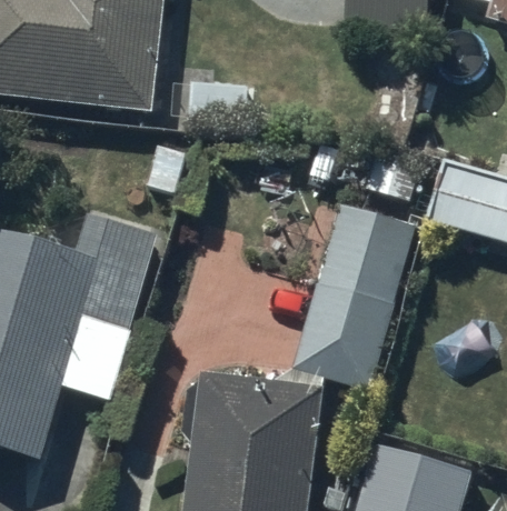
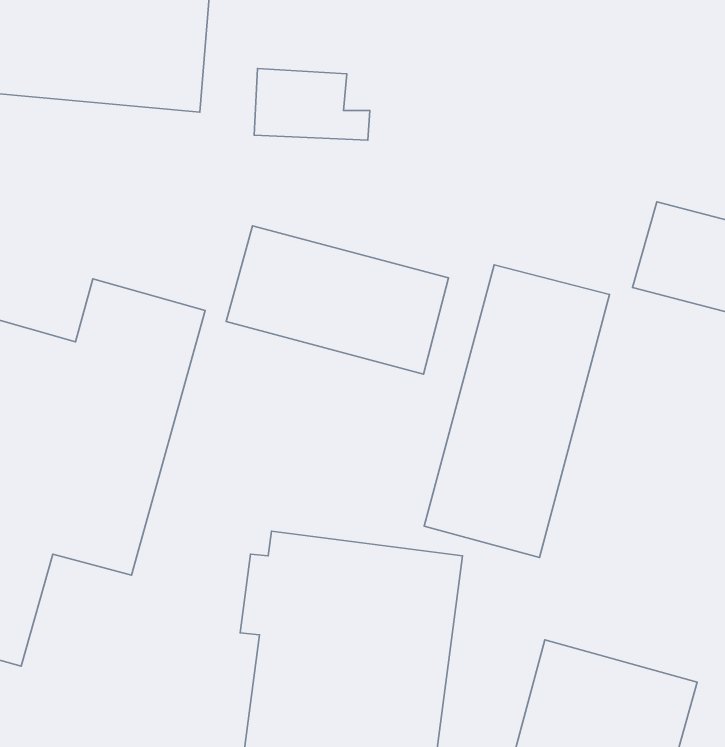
building: none -> [226,226,449,374]

